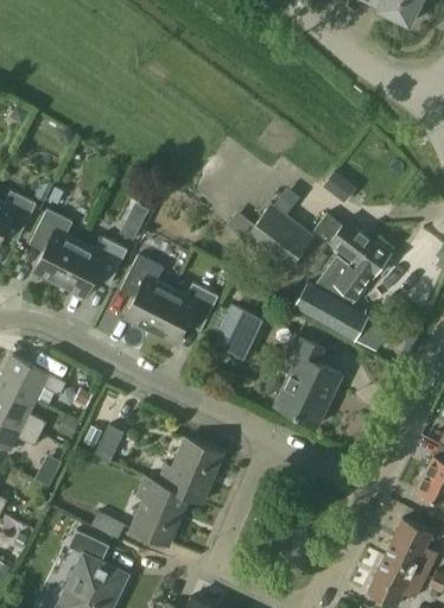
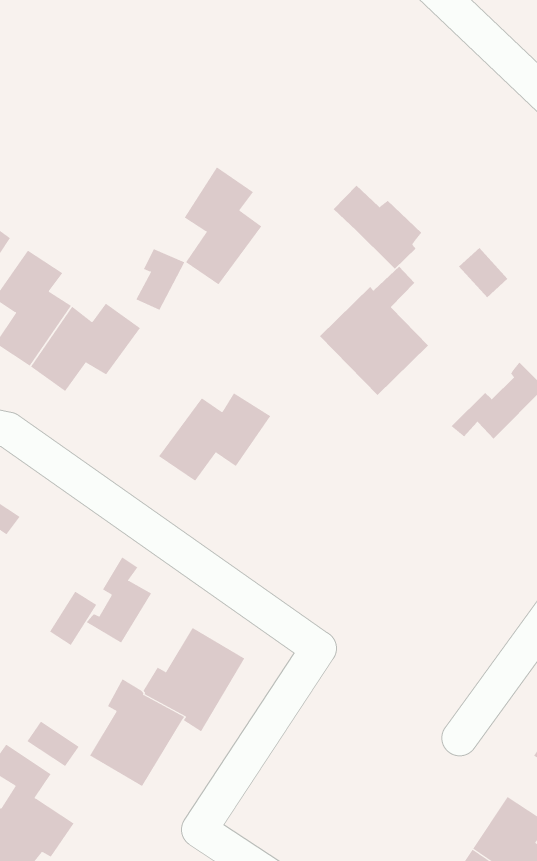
building: [312,214,372,265] -> [333,185,422,270]
building: [120,255,171,331] -> [184,167,262,285]
building: [293,281,376,346] -> none
building: [208,305,267,361] -> none
building: [274,334,341,426] -> none
building: none -> [86,556,152,644]

